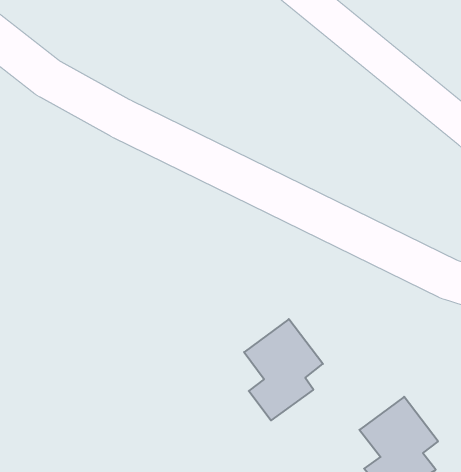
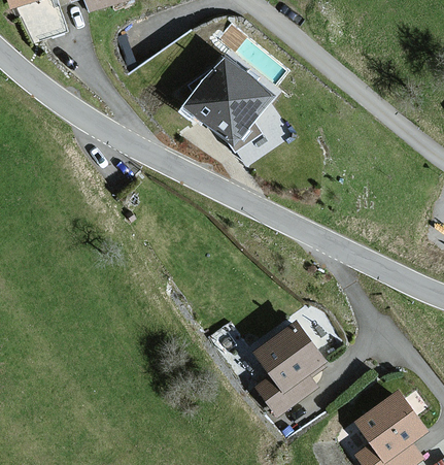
building: none -> [189,57,272,141]

